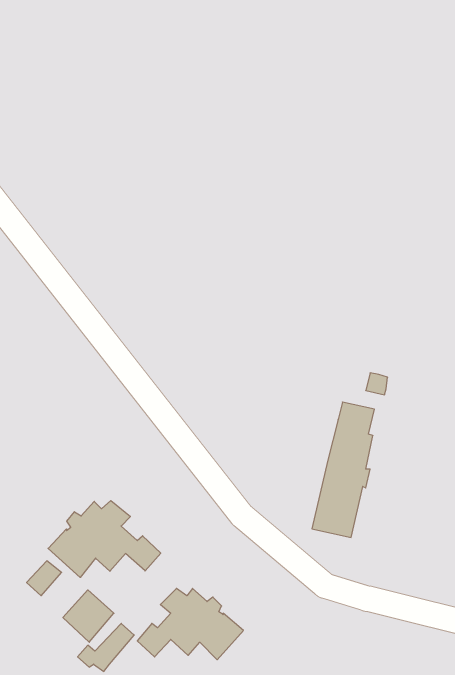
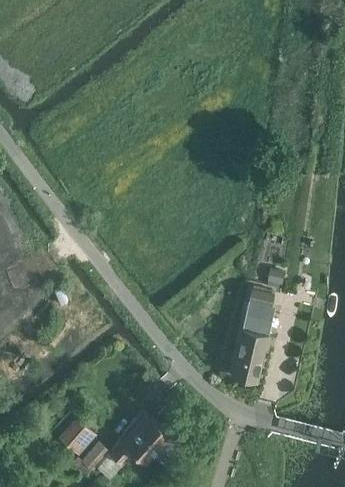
building: [48,501,161,577] -> none

